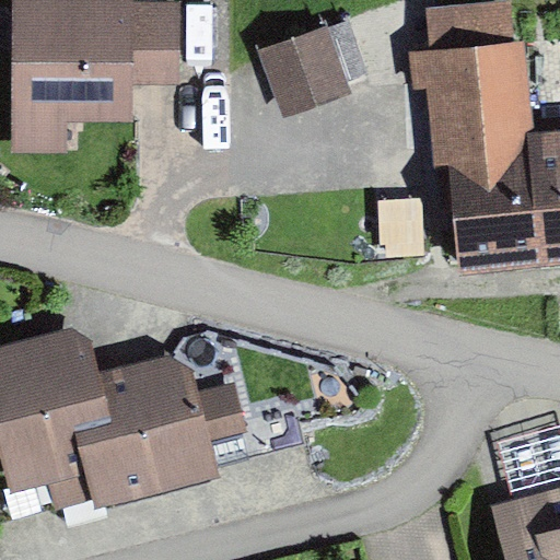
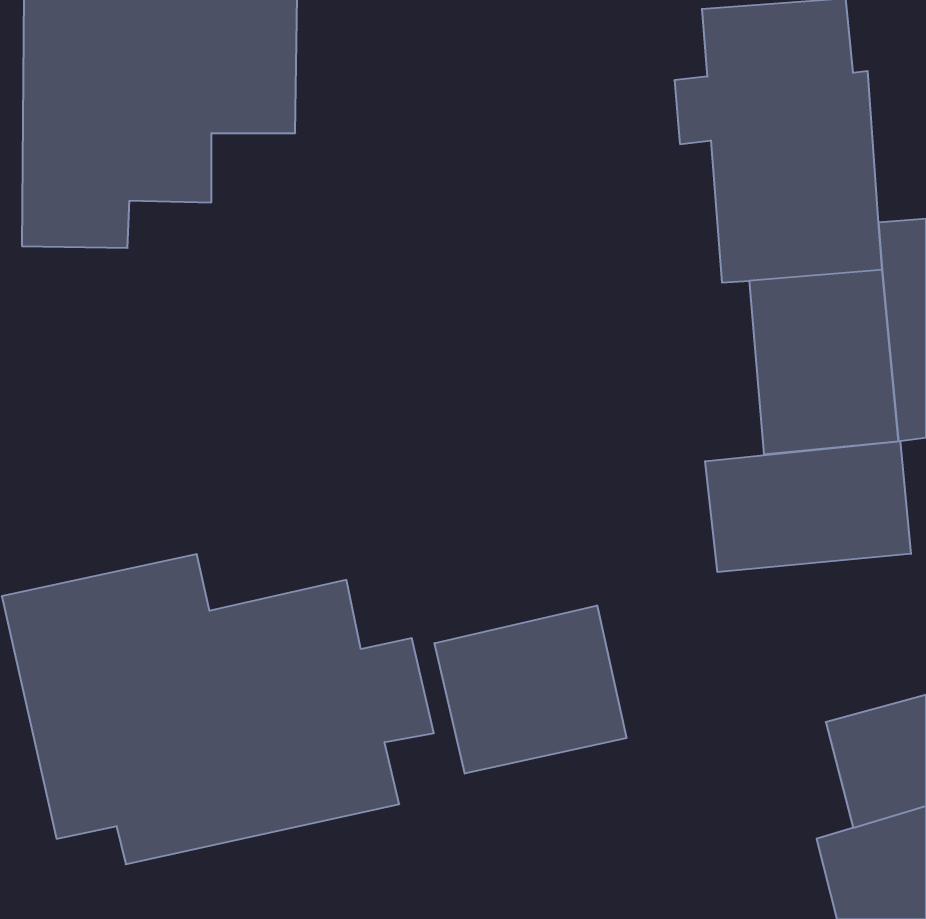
building: [258,18,364,115] -> none
building: none -> [705,441,911,572]
building: none -> [434,605,626,774]

